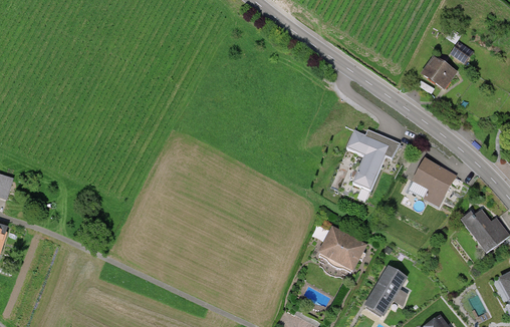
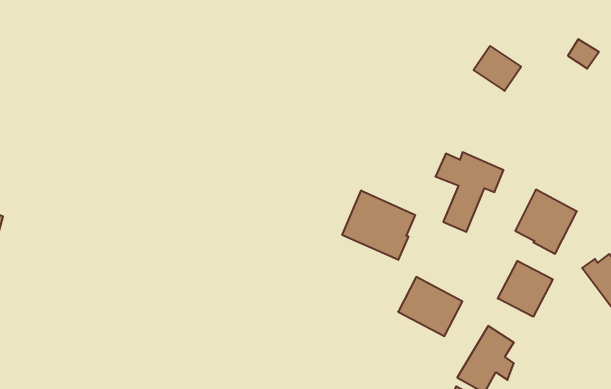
building: [421,55,458,90] -> [474,46,521,91]
building: none -> [342,190,415,260]
building: none -> [498,261,553,317]

